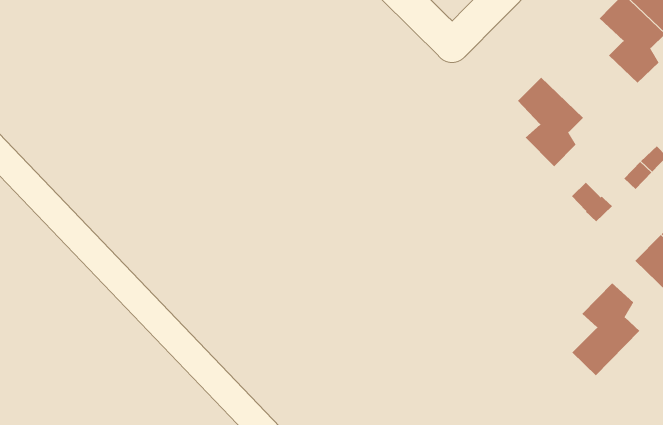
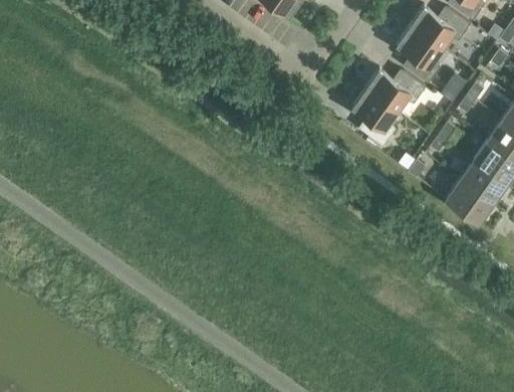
building: none -> [363,71,424,113]
building: [571,283,640,376] -> none

